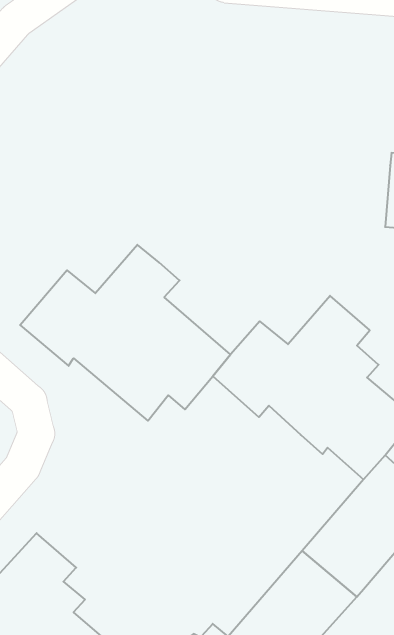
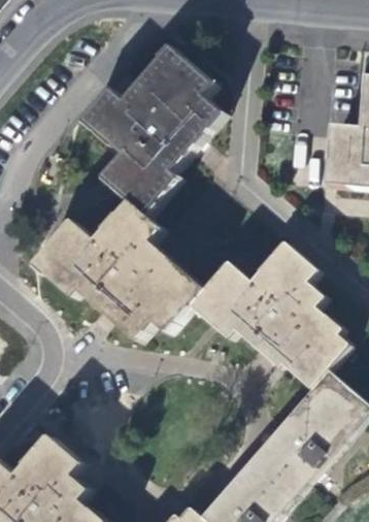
building: none -> [82,45,223,215]

